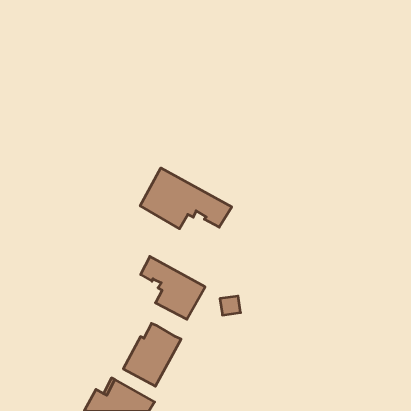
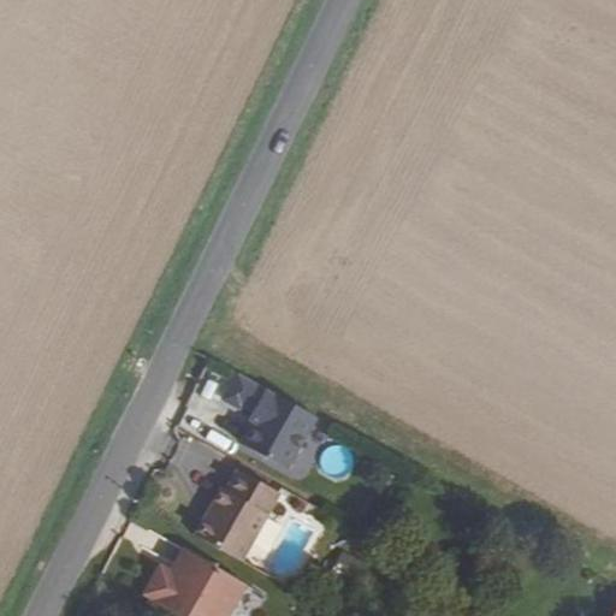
building: [140,168,232,229] -> none

